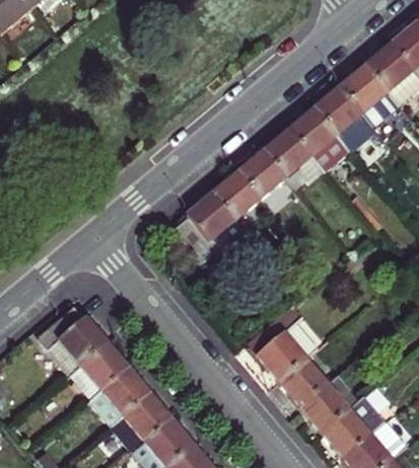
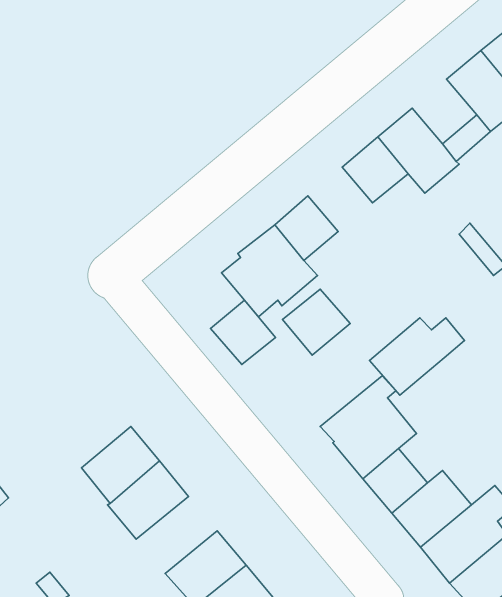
building: [315,85,362,133] -> none
building: [237,150,285,198] -> none
building: none -> [283,289,350,355]
building: none -> [211,300,276,365]
building: none -> [369,318,464,395]
building: [39,305,107,372] -> none
building: [111,393,170,450] -> none

